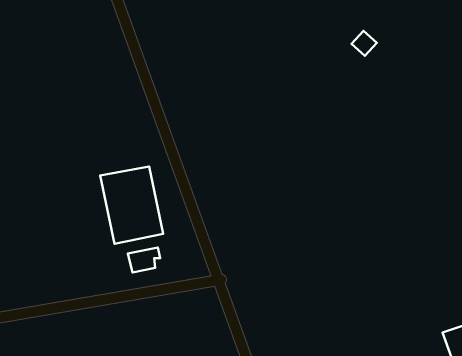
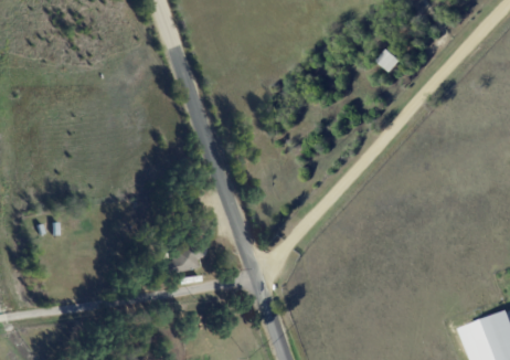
building: [100,166,163,244] -> none

